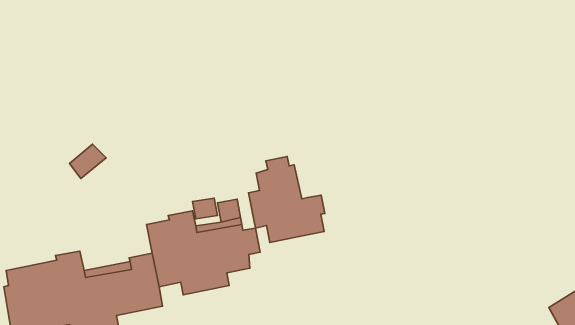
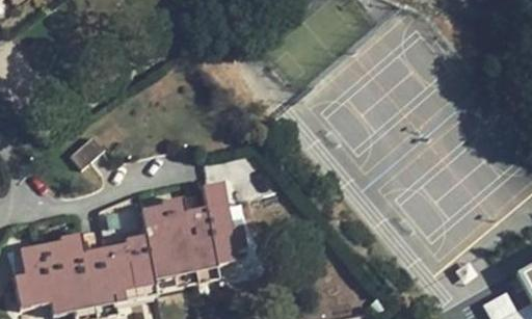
building: [249,156,325,242] -> none

